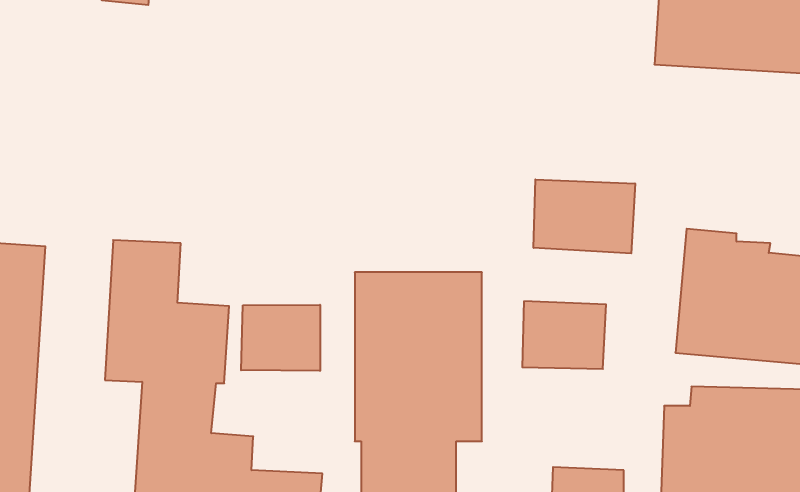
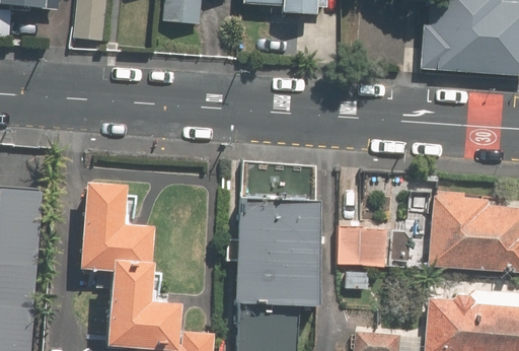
building: [534,179,635,253] -> none
building: [241,305,320,371] -> none

